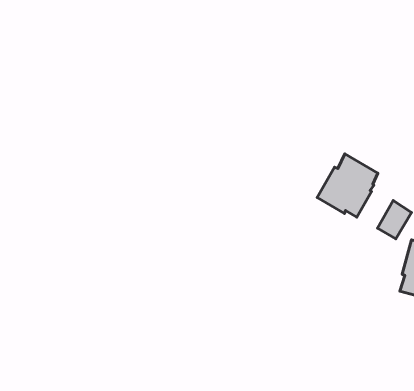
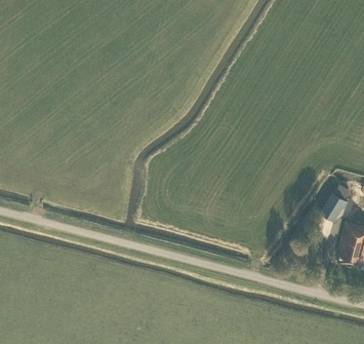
building: [317,154,378,217] -> none

